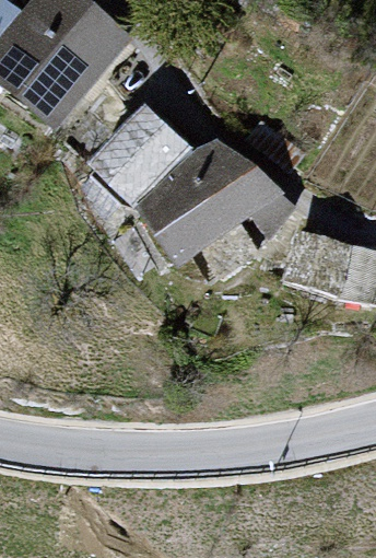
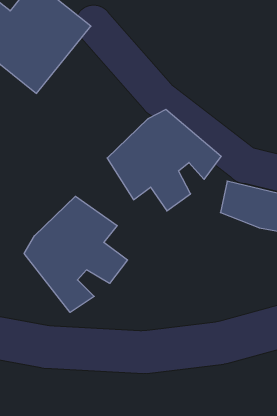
building: [91,107,183,199] -> none
building: none -> [24,196,128,312]

